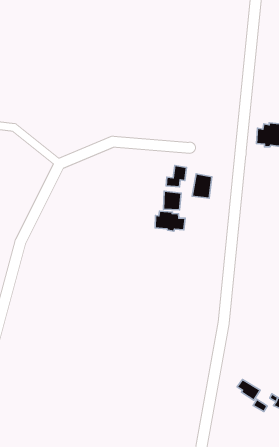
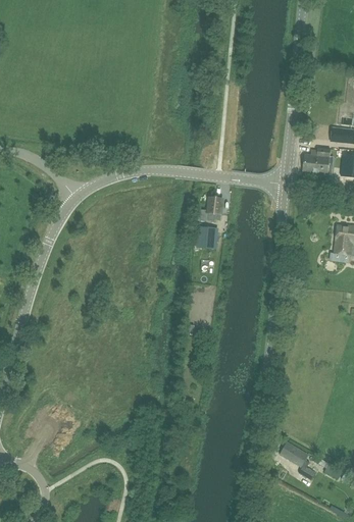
building: [192,174,212,198] -> none
building: [155,211,185,231] -> none

